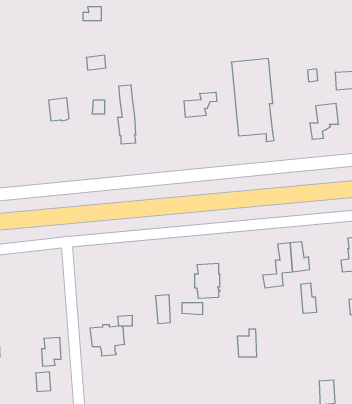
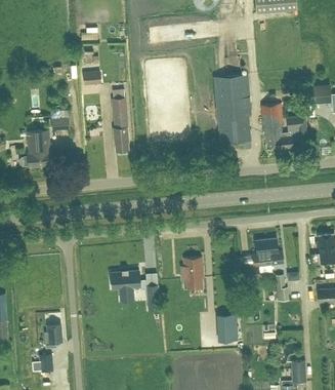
building: none -> [260,103,285,148]
building: [184,92,217,117] -> none
building: none -> [19,129,53,166]
building: [90,325,125,356] -> [110,269,140,297]

